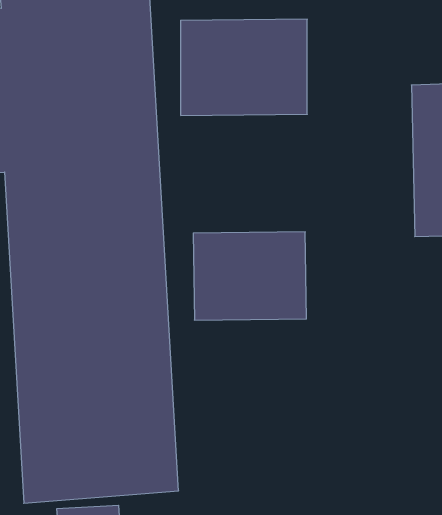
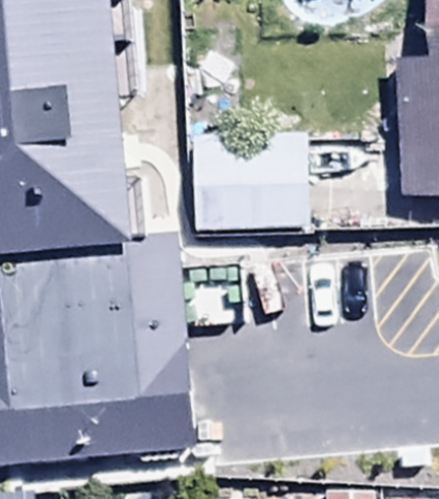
building: [181,19,307,115] -> [190,118,304,204]

